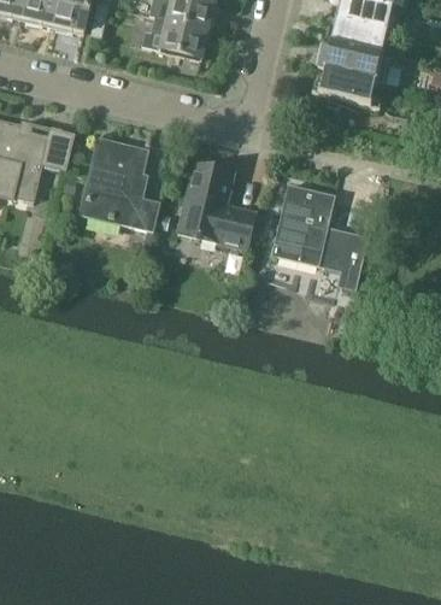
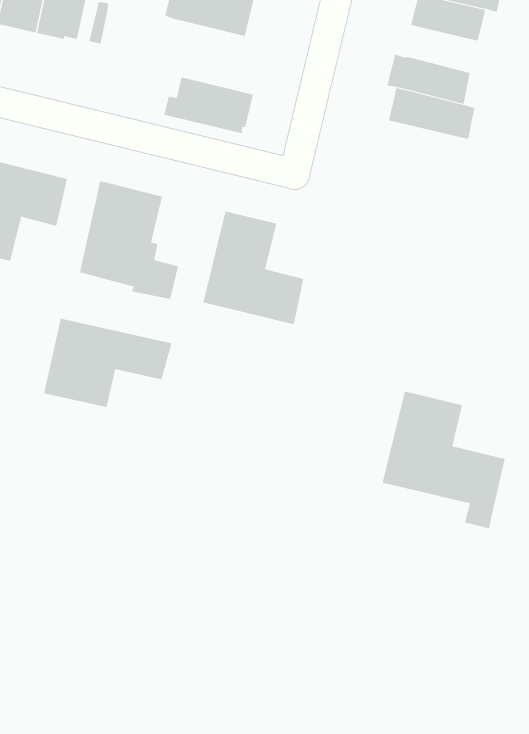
building: [141,14,210,58] -> [163,77,254,134]
building: [330,19,387,55] -> none
building: [271,183,365,288] -> [382,391,505,529]
building: none -> [43,318,172,408]

